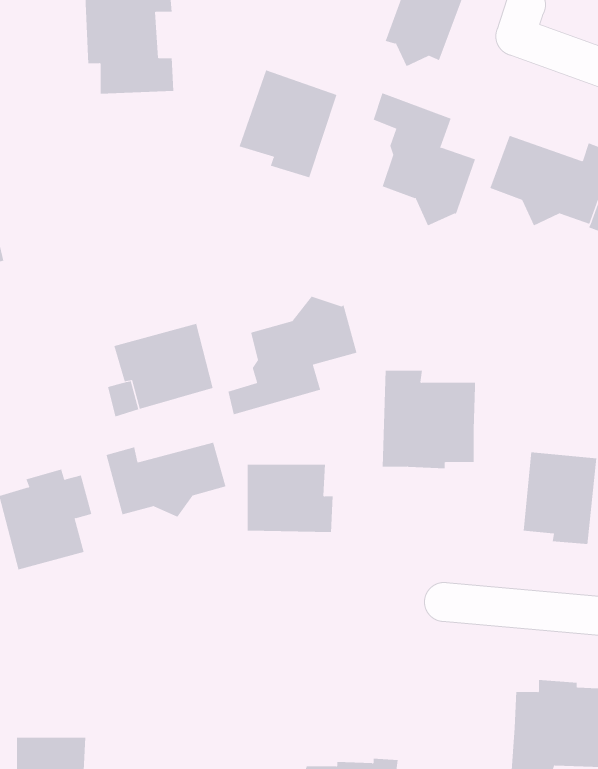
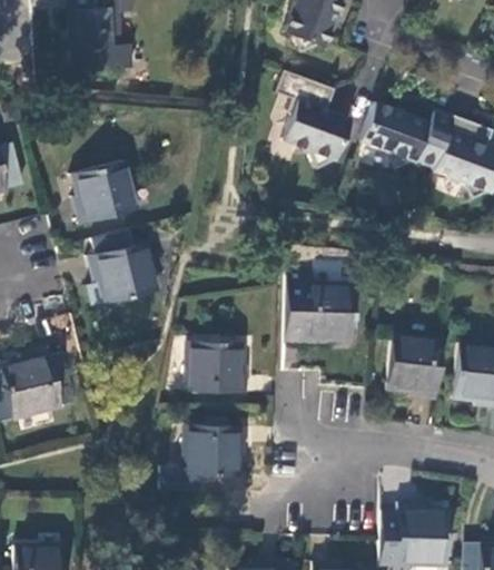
building: [239,70,337,178] -> none
building: none -> [71,159,139,224]
building: [228,296,357,415] -> none
building: [106,442,226,518] -> none
building: none -> [182,425,246,475]

